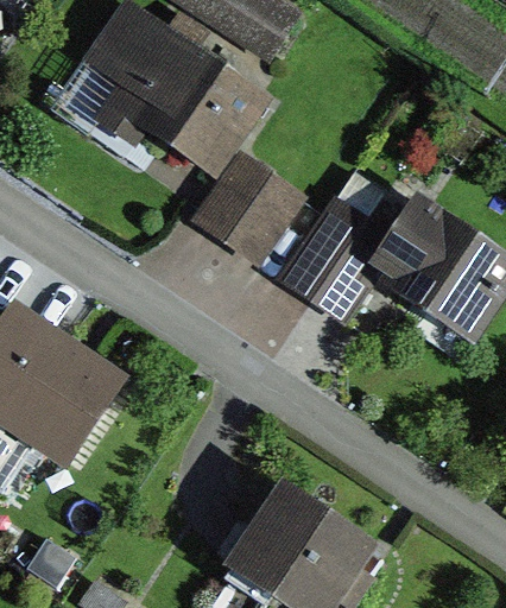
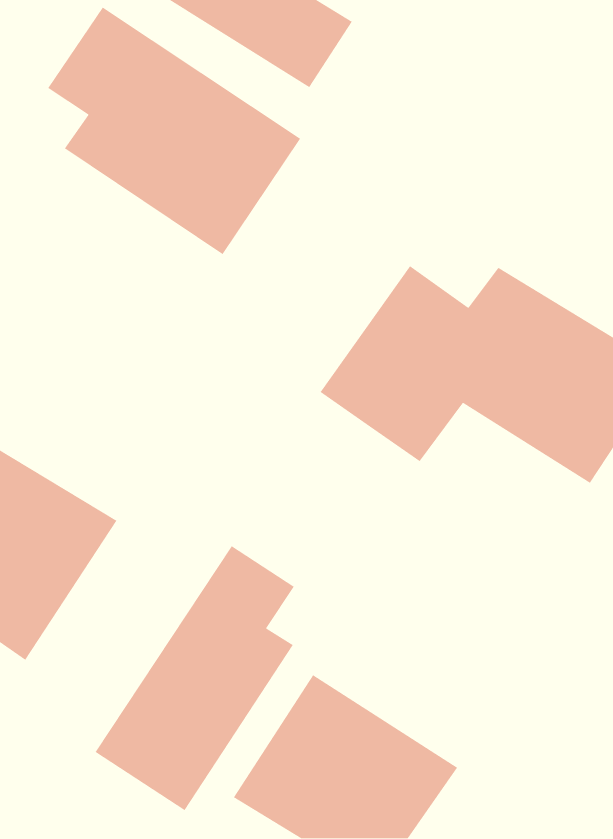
building: [196,159,301,265] -> none
building: none -> [95,545,295,811]

